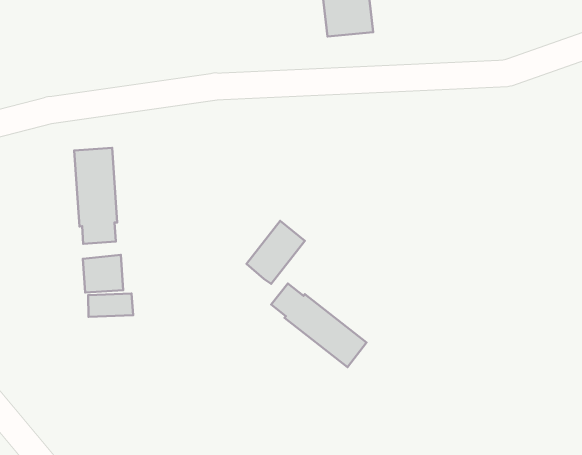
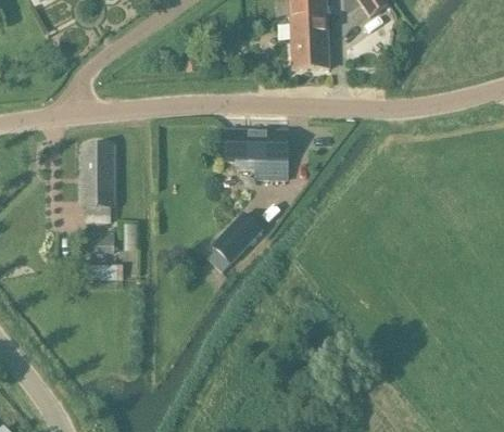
building: none -> [226,129,288,177]
building: [271,284,367,367] -> none

